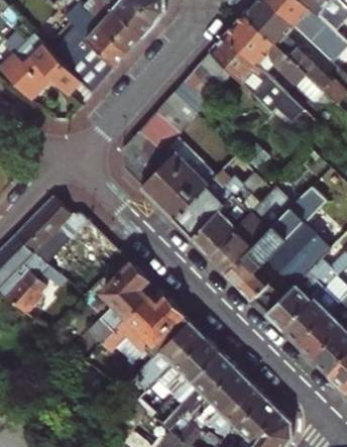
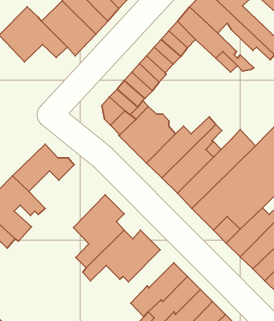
building: [134,321,205,399] -> none

